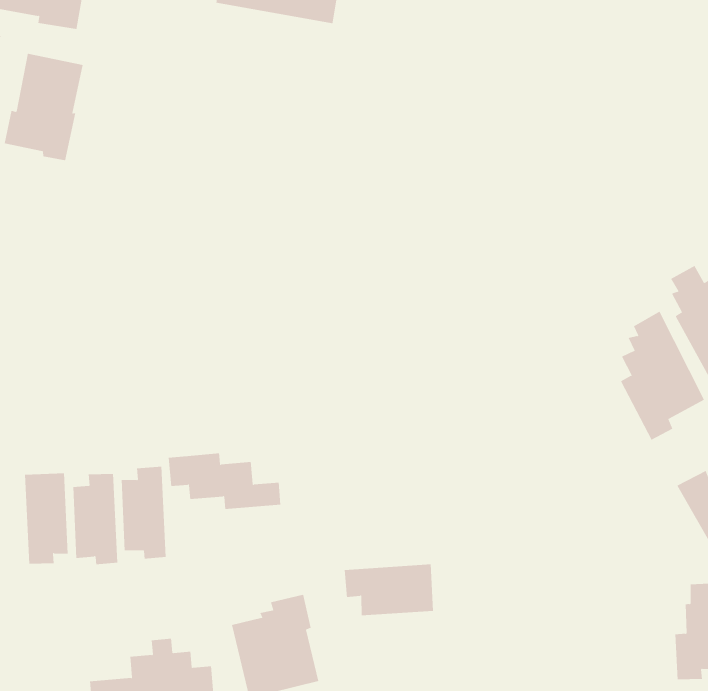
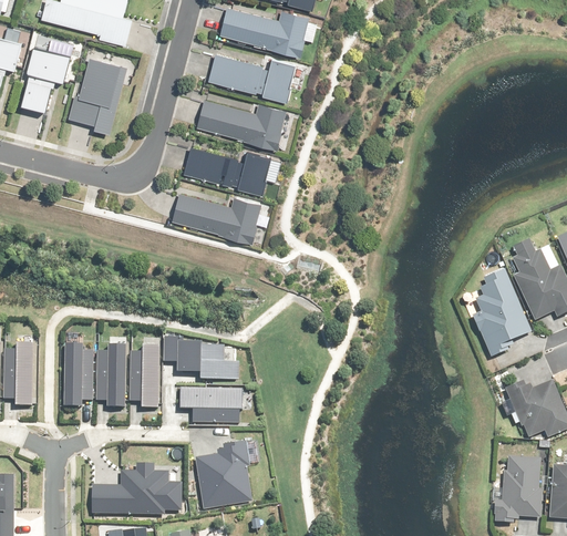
building: none -> [209,54,296,102]
building: none -> [198,100,287,150]
building: none -> [185,147,272,196]
building: none -> [173,192,264,243]
building: [344,564,434,616] -> [181,390,240,423]

